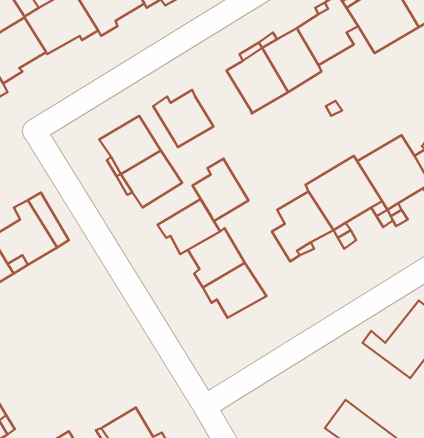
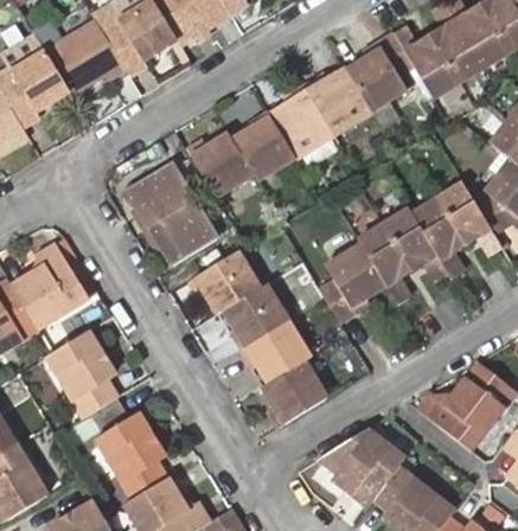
building: [192,158,249,221] -> [234,108,295,177]
building: none -> [45,334,111,418]
building: none -> [266,359,327,424]
building: none -> [98,416,165,500]
building: none -> [316,428,407,507]

